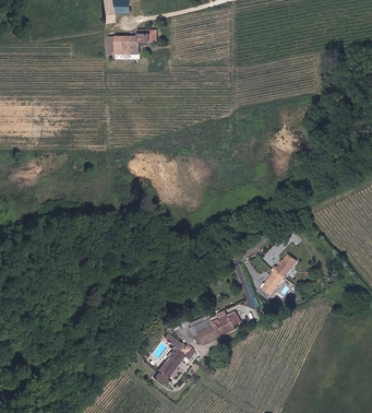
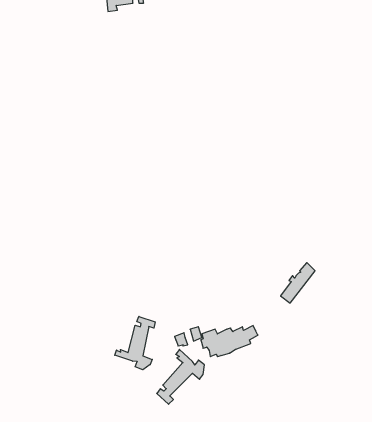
building: [116,36,151,54] -> none
building: none -> [115,316,155,370]

